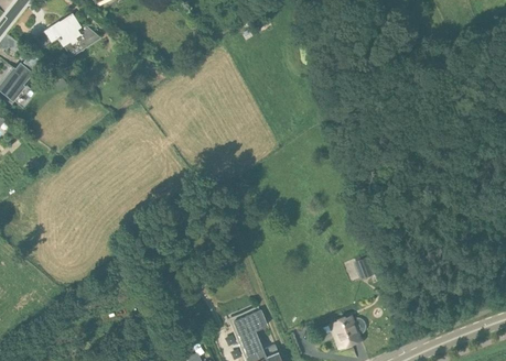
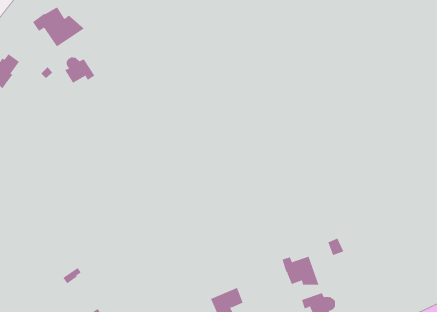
building: none -> [65,57,95,84]
building: none -> [282,256,319,286]

